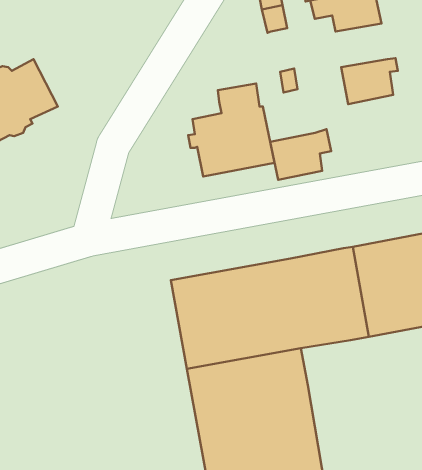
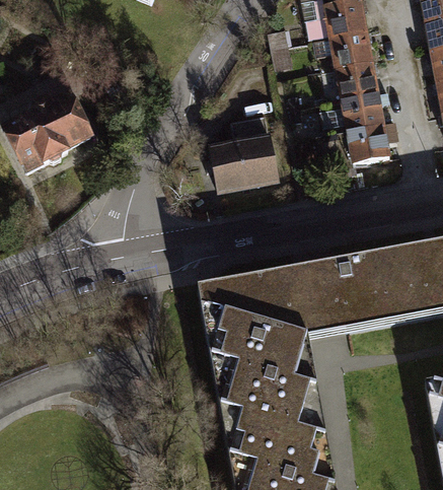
building: none -> [337,57,382,95]
building: [270,129,331,180] -> [348,117,401,161]

